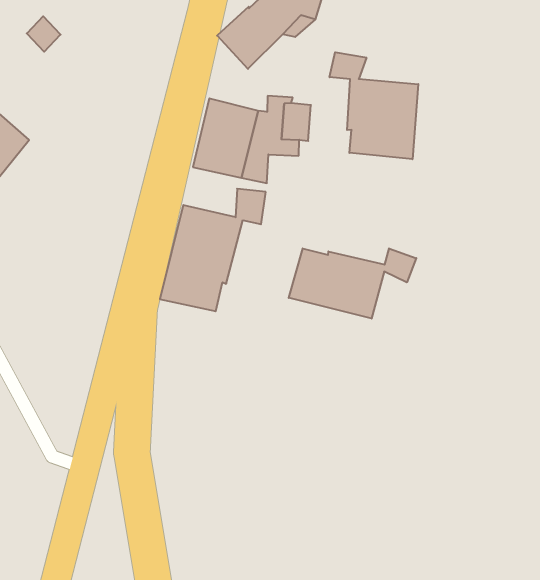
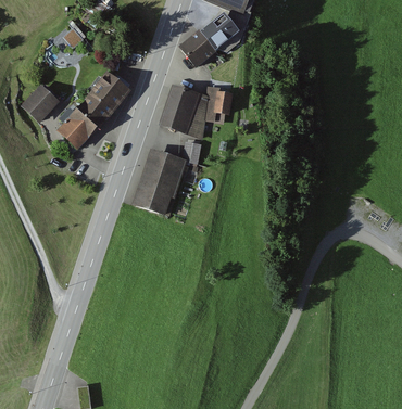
building: [330,52,418,159] -> none
building: none -> [56,71,130,149]
building: [289,248,416,319] -> none

